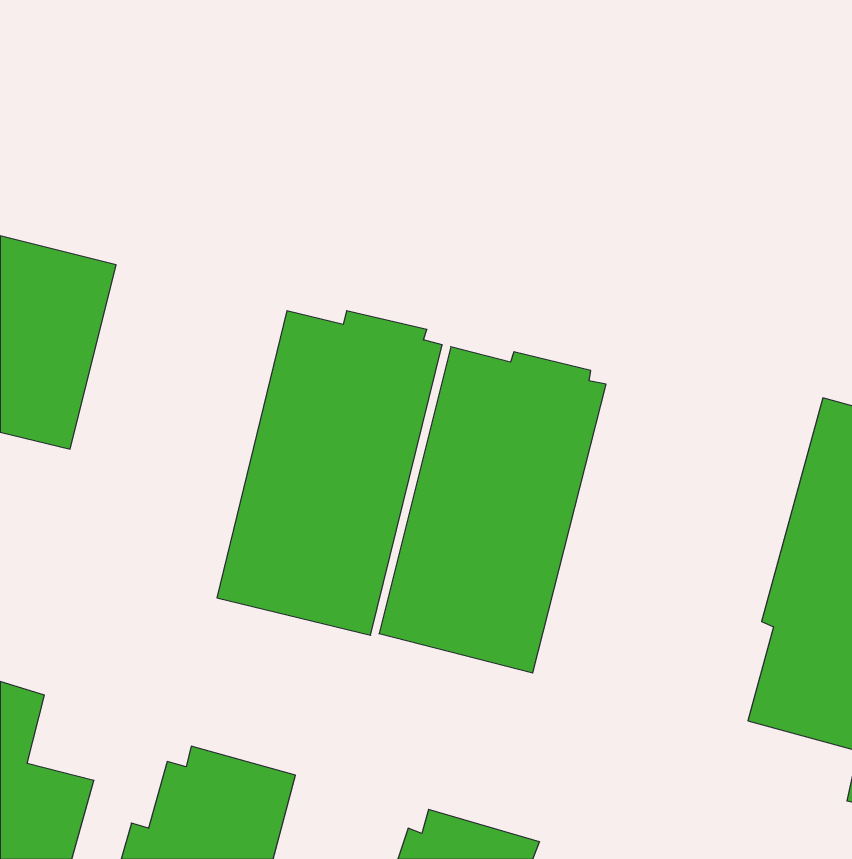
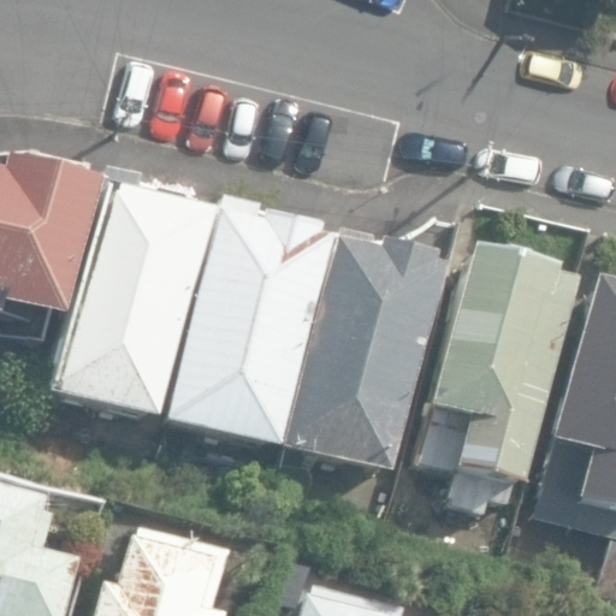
building: none -> [49,171,208,420]
building: none -> [421,250,571,509]

